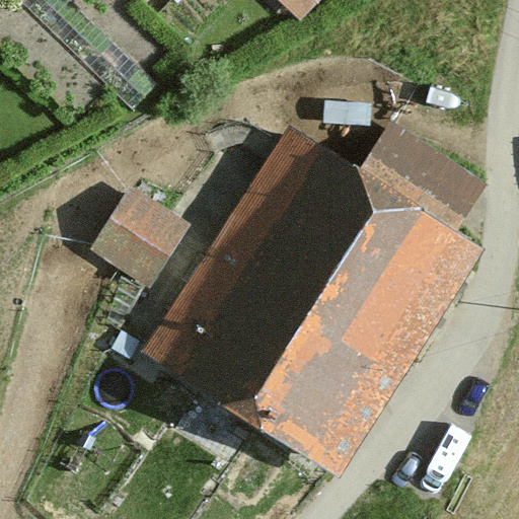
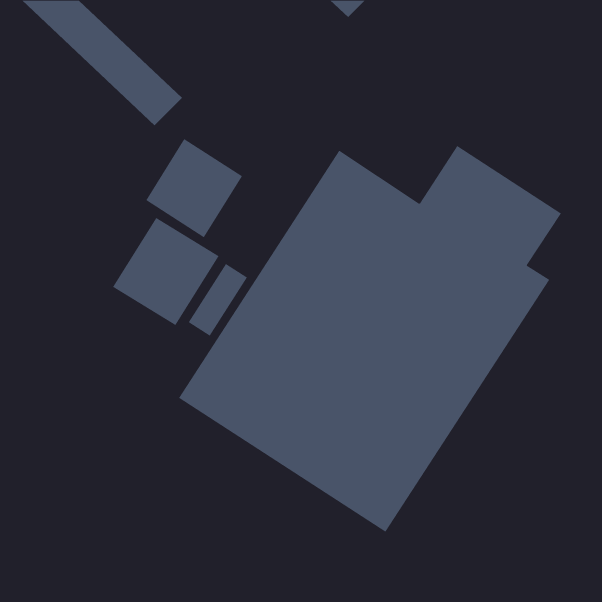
building: none -> [145,138,243,238]

